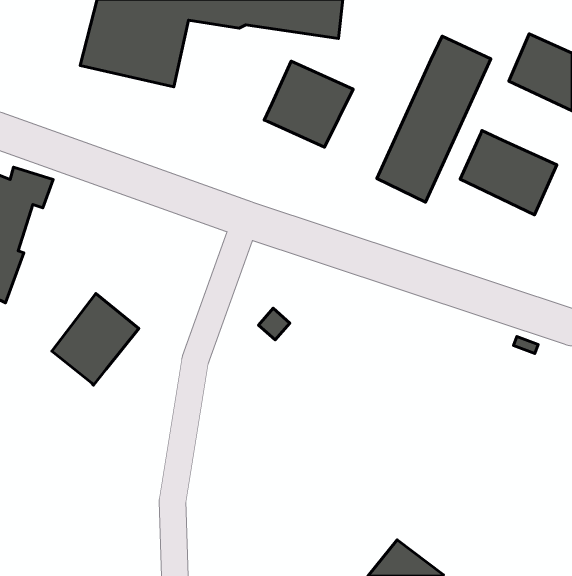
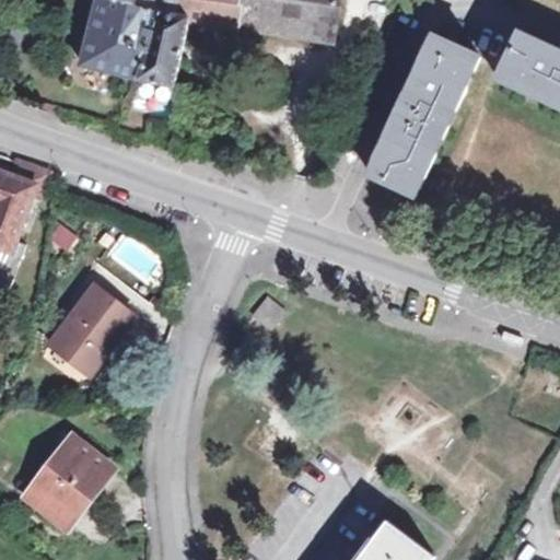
building: [264,61,353,147] -> none
building: [460,130,557,215] -> none
building: none -> [26,435,113,527]

